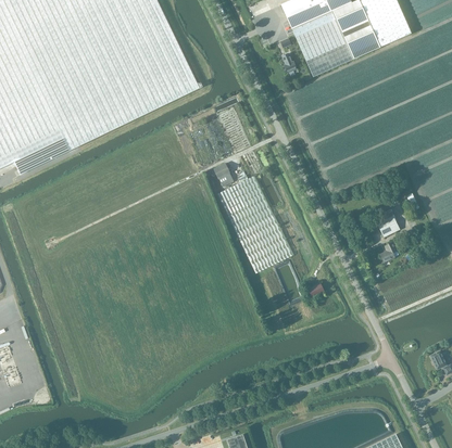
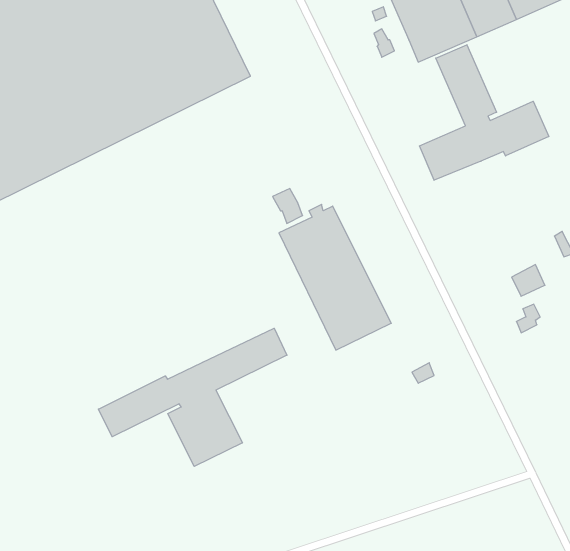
building: none -> [420,45,549,180]
building: none -> [98,328,287,466]

